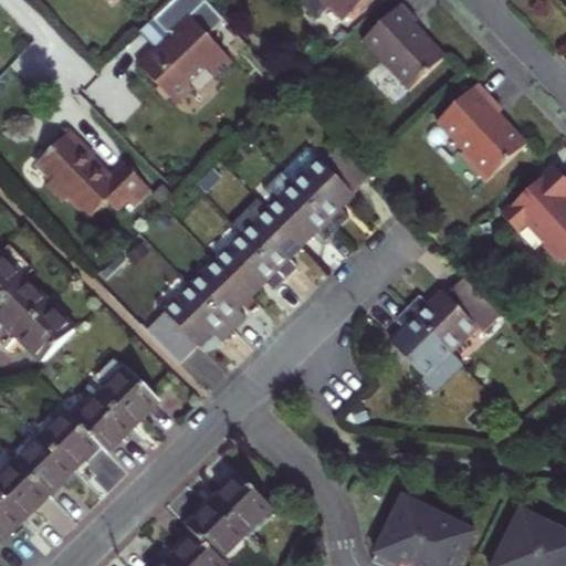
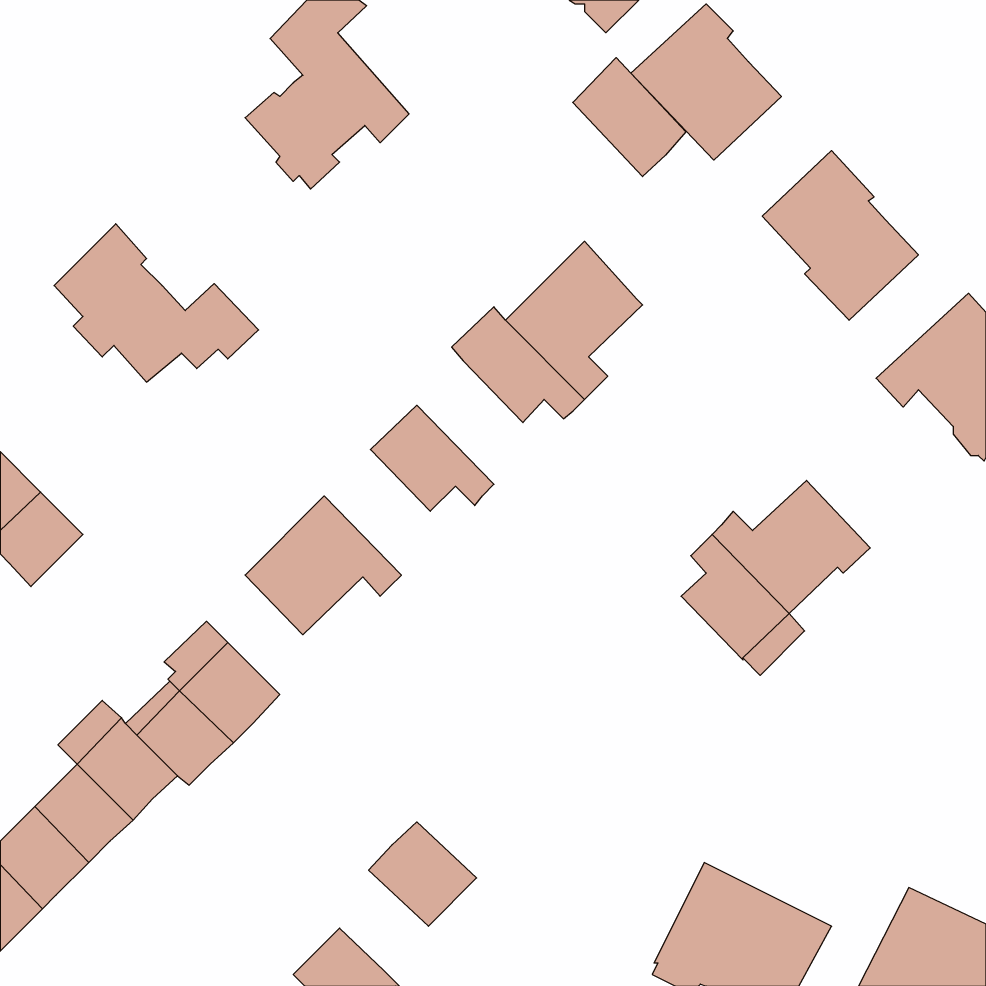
building: none -> [573,58,686,177]
building: [239,207,300,277] -> none
building: [186,258,247,329] -> none
building: [18,306,74,361] -> none
building: [186,499,245,556] -> none

